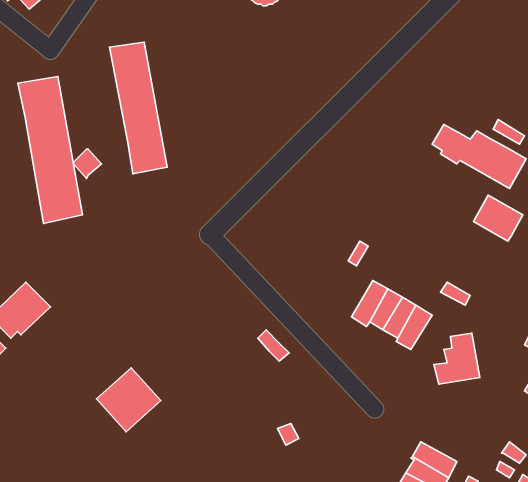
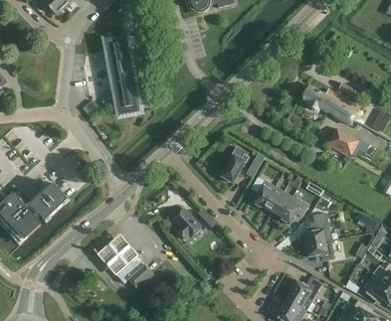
building: [18,76,83,223] -> none
building: none -> [219,152,248,183]
building: none -> [172,207,200,238]
building: none -> [306,239,334,261]
building: none -> [115,254,152,286]

